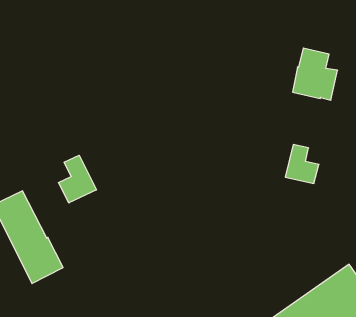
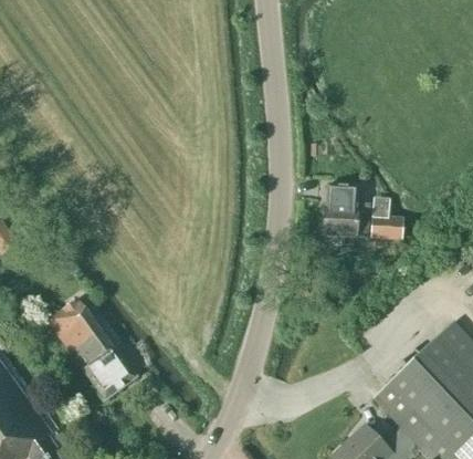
building: [293,48,338,100] -> [324,184,370,237]
building: [58,155,96,203] -> none

